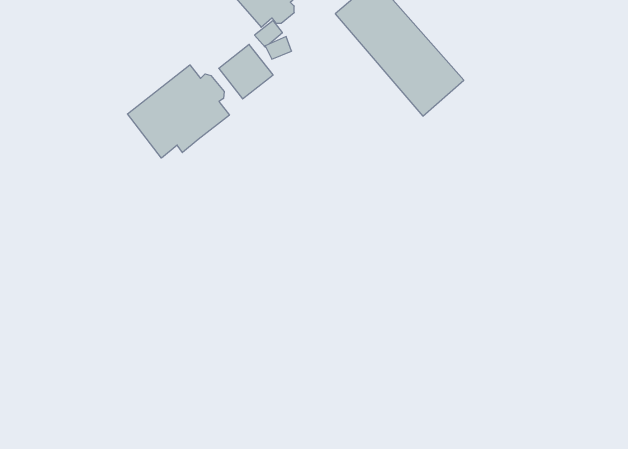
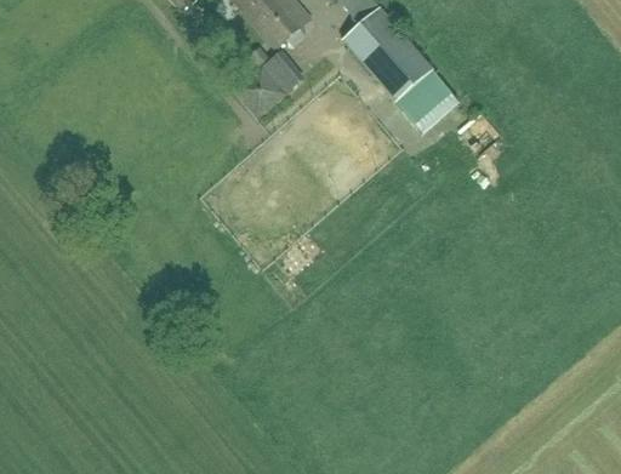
building: [127,65,229,158] -> none

